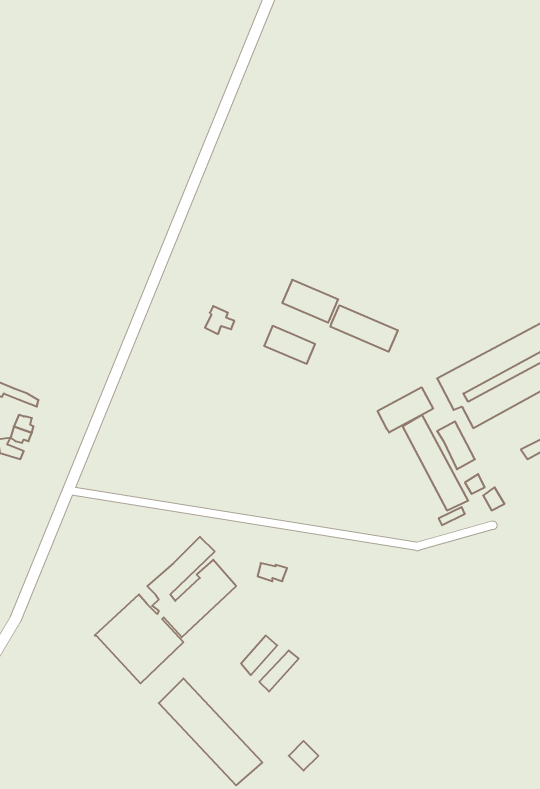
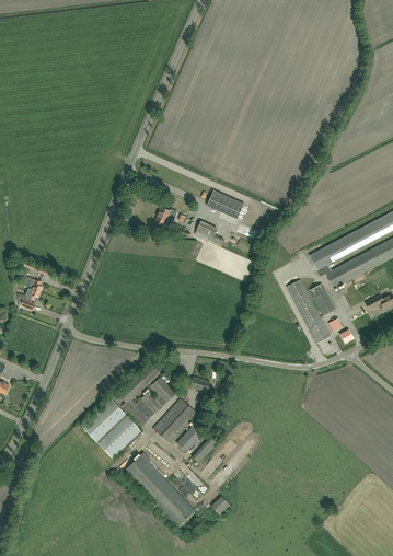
building: [330,305,398,352] -> none
building: [378,387,433,433] -> none
building: none -> [153,397,198,443]

